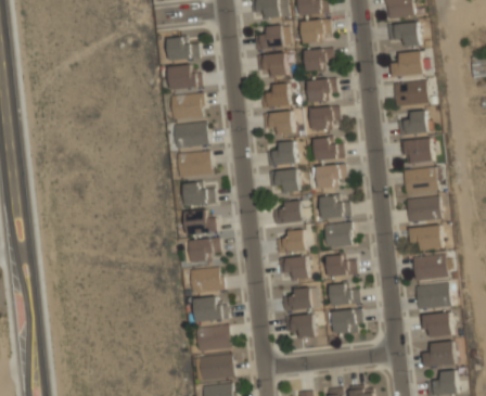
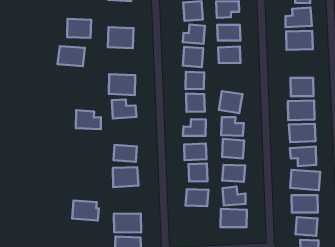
building: [168,64,199,88] -> [67,19,91,38]
building: [398,112,426,133] -> none
building: [174,123,206,145] -> [58,46,85,66]
building: [314,136,343,158] -> none
building: [183,212,216,234] -> [76,110,101,129]
building: [193,296,226,319] -> [72,200,99,220]
building: [291,314,315,336] -> none

